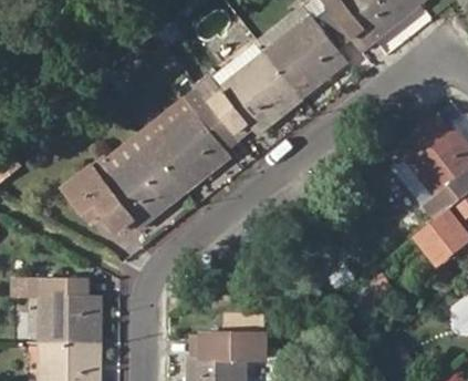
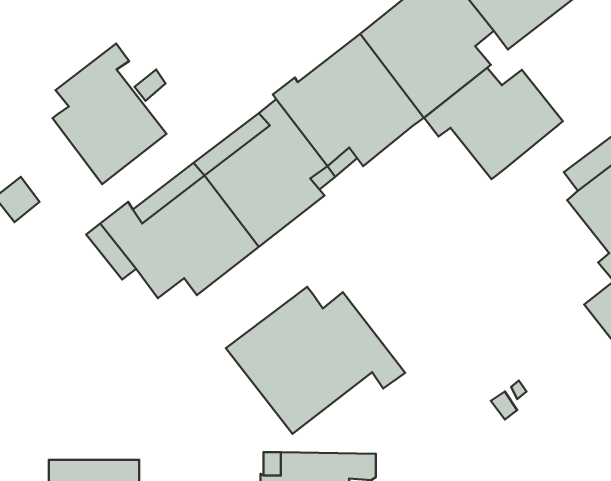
building: none -> [53,43,167,184]
building: none -> [424,68,563,179]
building: none -> [226,287,405,434]
building: [14,282,102,344] -> none

